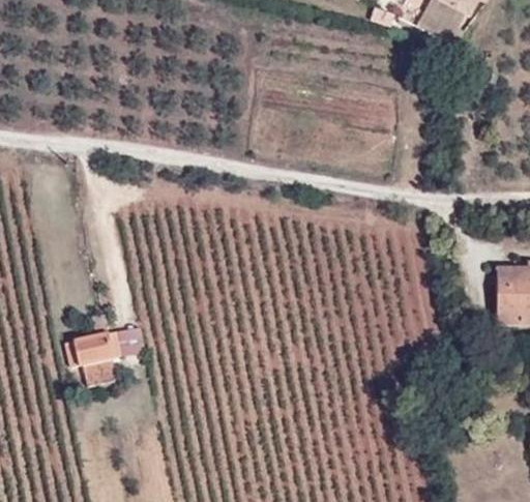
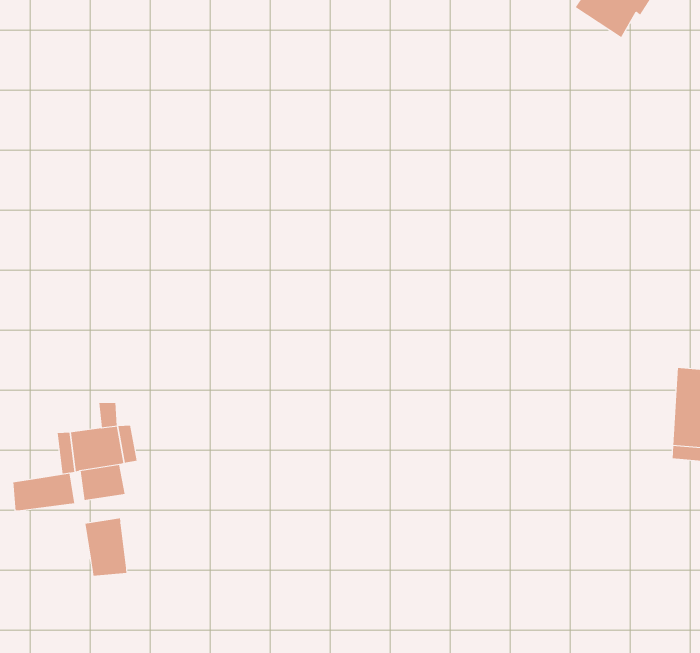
building: none -> [13,473,75,511]
building: none -> [85,518,127,577]

